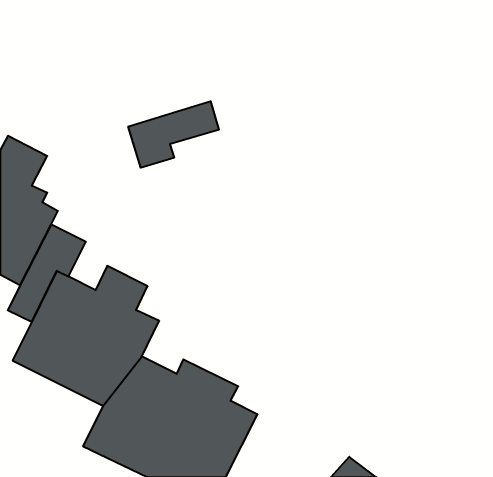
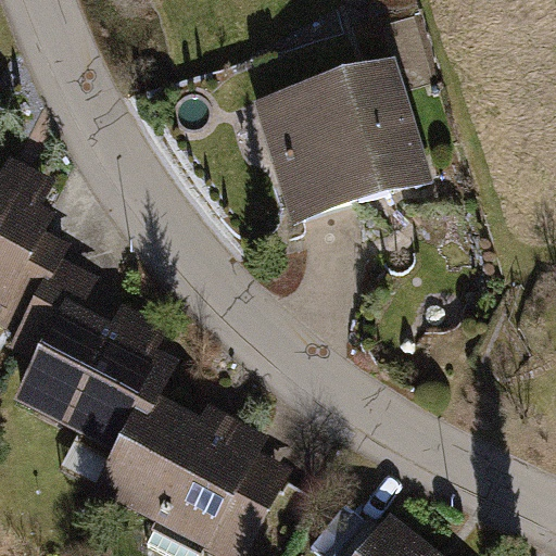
building: none -> [253,61,427,225]
building: [128,101,219,168] -> none

